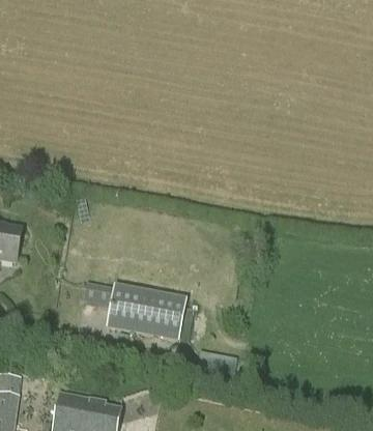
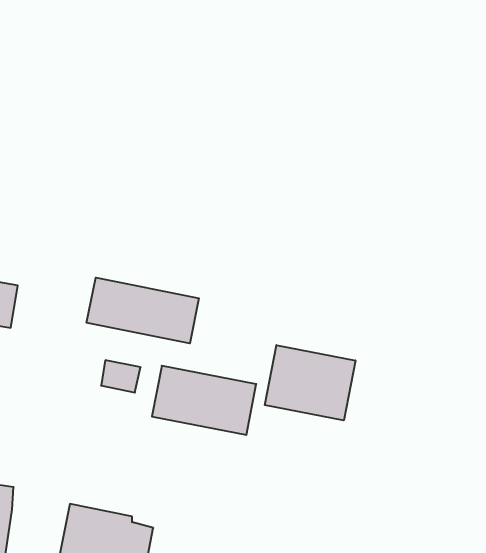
building: none -> [87,278,199,343]
building: none -> [265,345,355,420]

